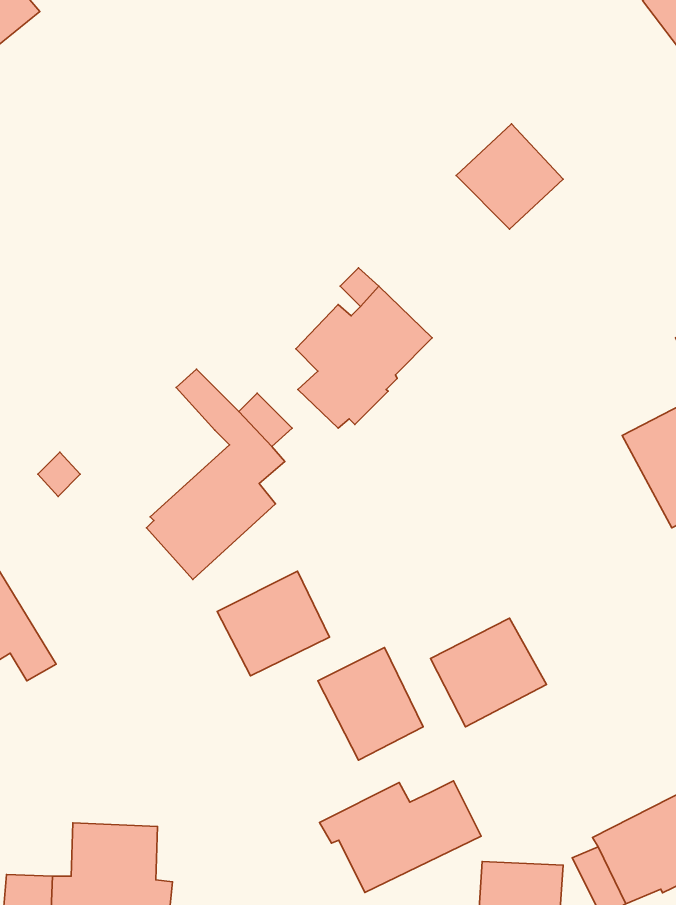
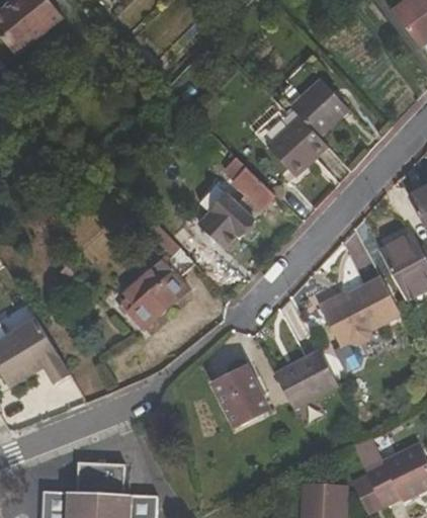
building: none -> [254,107,327,176]
building: none -> [319,275,401,345]
building: [217,571,329,676] -> none
building: [319,781,481,892] -> none

